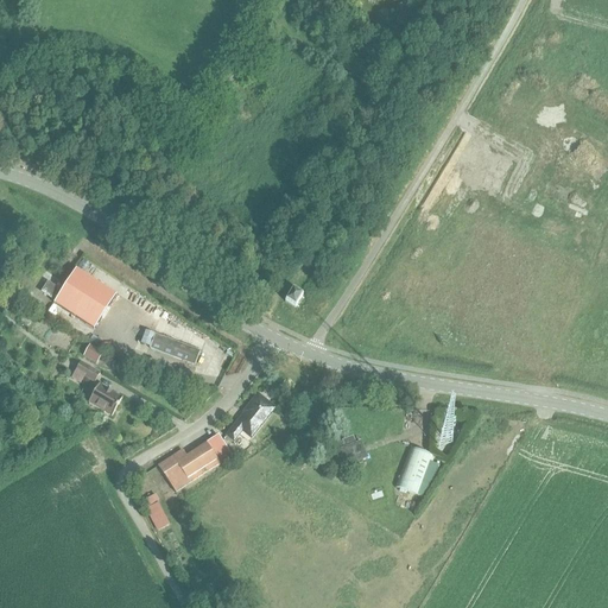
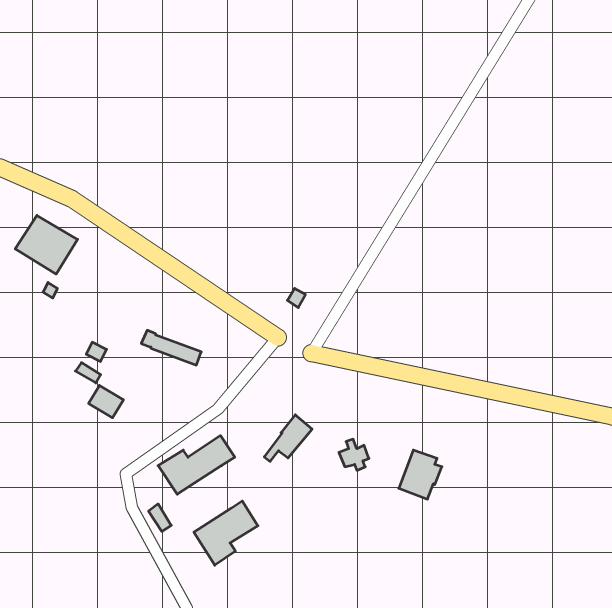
building: [53,267,115,325] -> [15,215,78,274]
building: [227,392,274,438] -> [264,415,312,461]
building: none -> [194,501,258,565]

